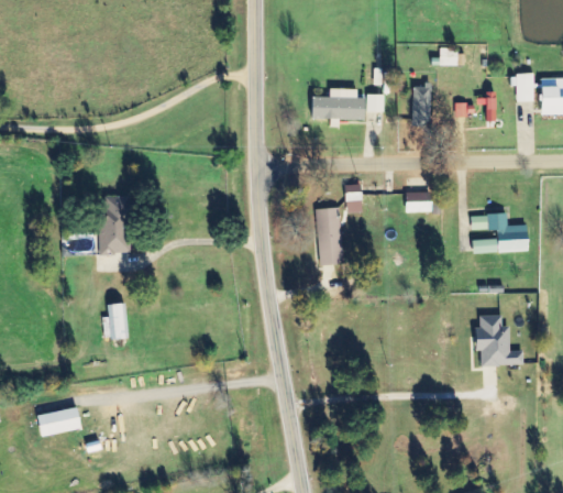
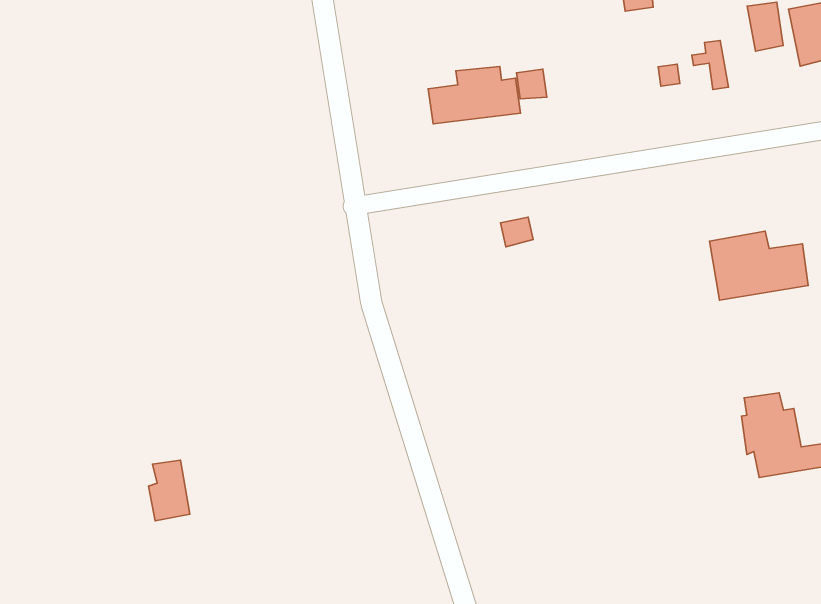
building: [411,81,431,125] -> none
building: [406,191,432,211] -> none
building: [100,195,130,253] -> none
building: [316,207,341,264] -> none

